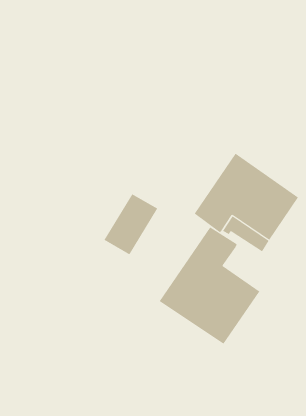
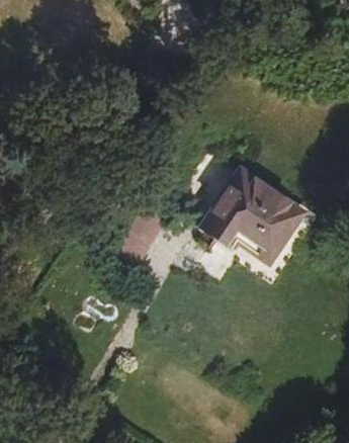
building: [159,227,260,345] -> none

